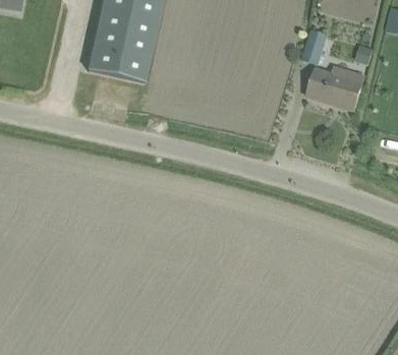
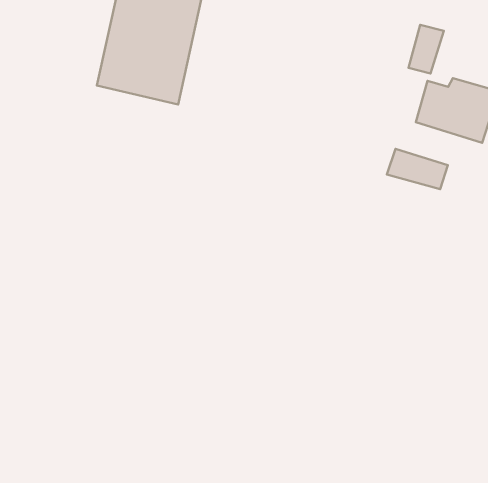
building: none -> [387,149,448,189]

